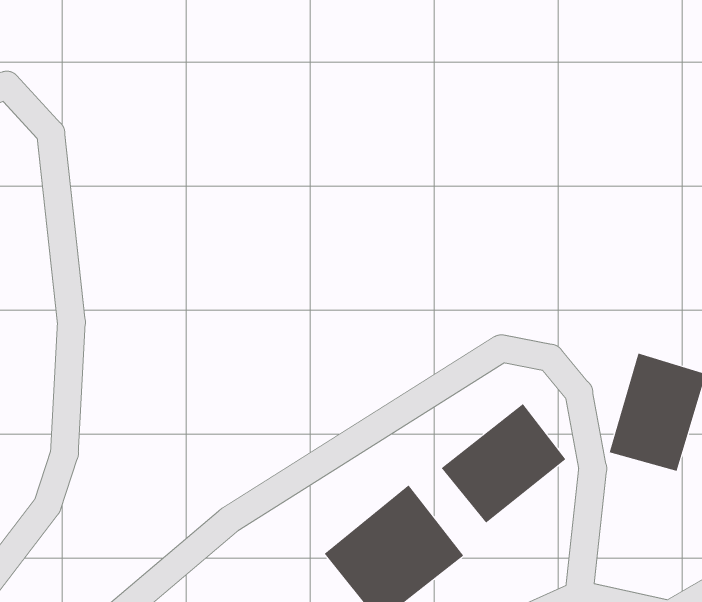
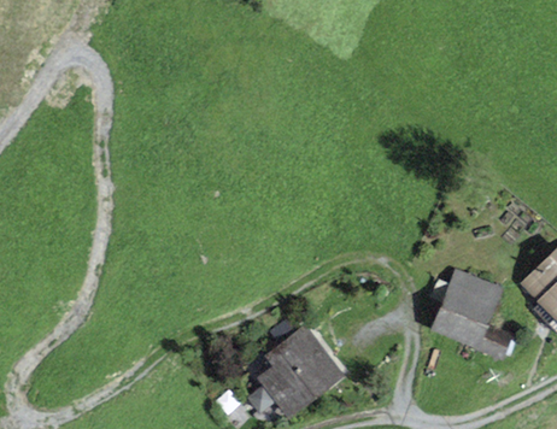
building: [441,403,566,523] -> none

